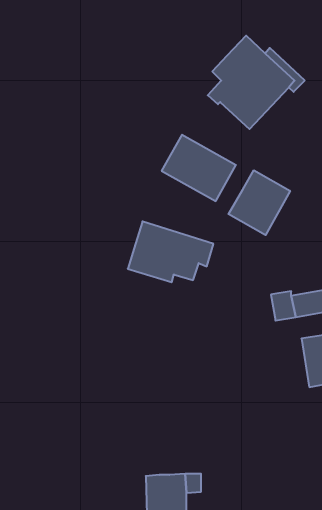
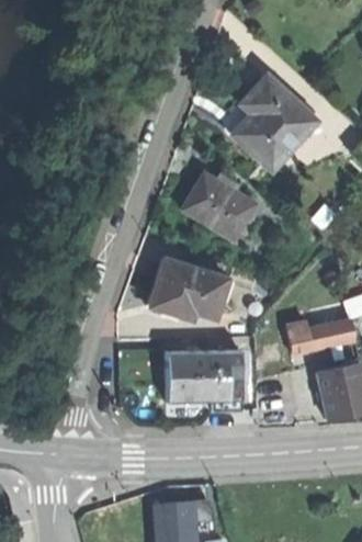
building: [228,170,290,235] -> none
building: none -> [160,352,237,413]

